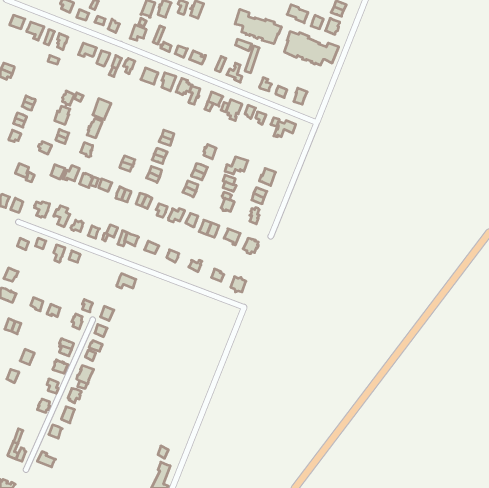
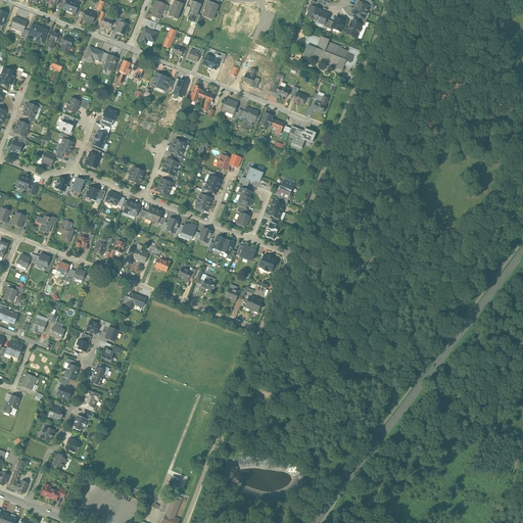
building: [235,9,281,44] -> none

